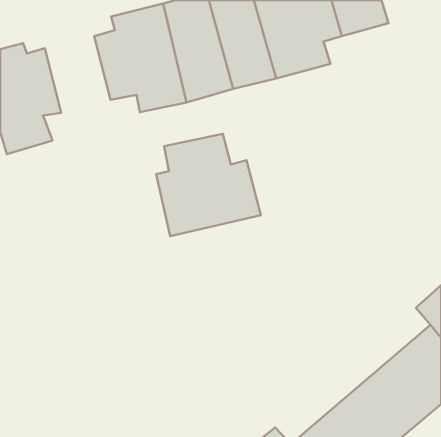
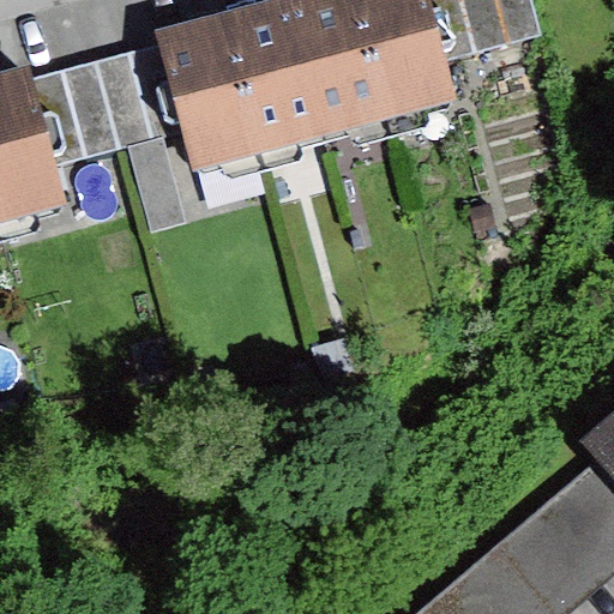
building: none -> [62,55,154,162]
building: [156,134,261,236] -> none

